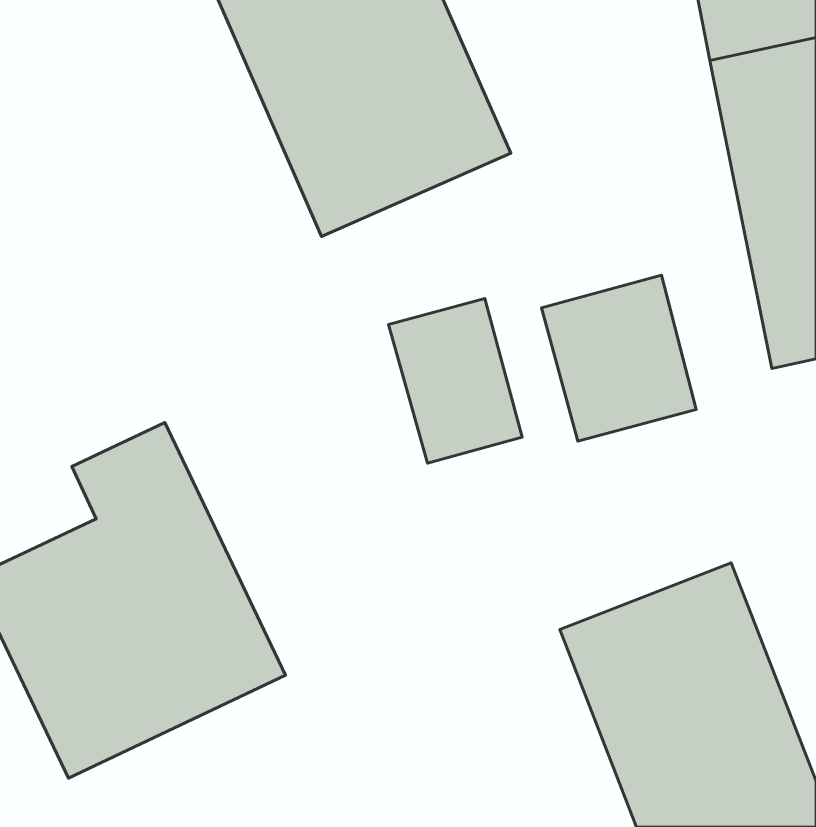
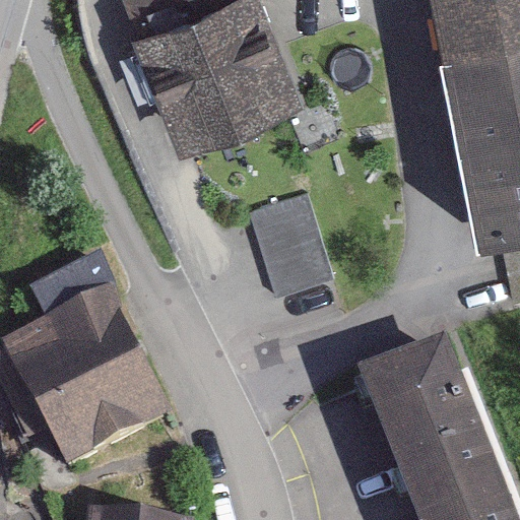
building: [541,275,696,441] -> none

